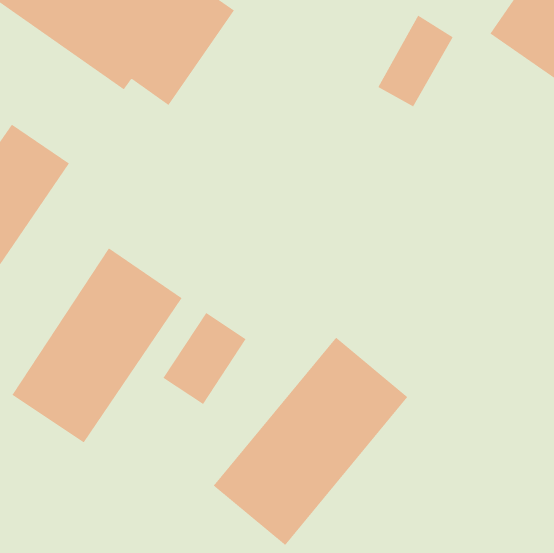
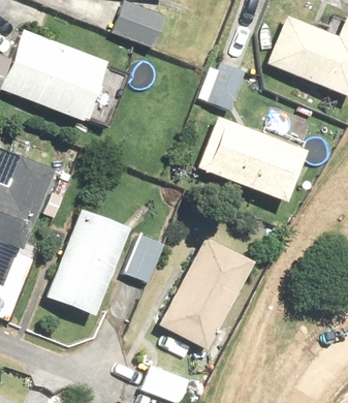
building: none -> [196,116,310,200]

